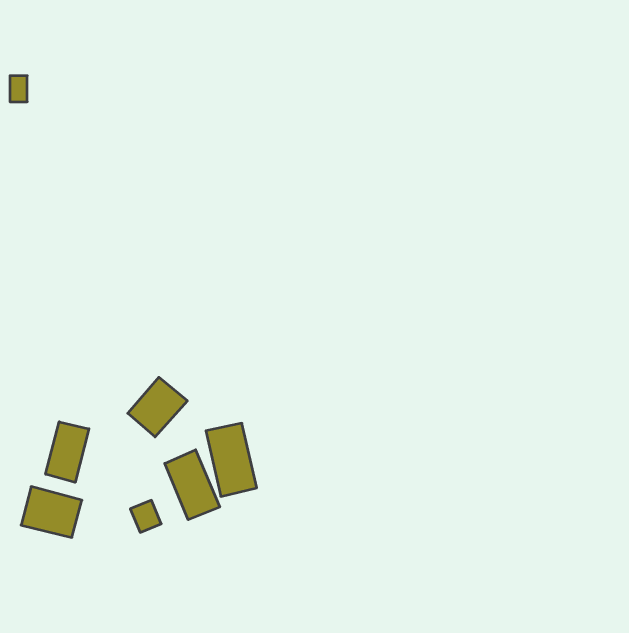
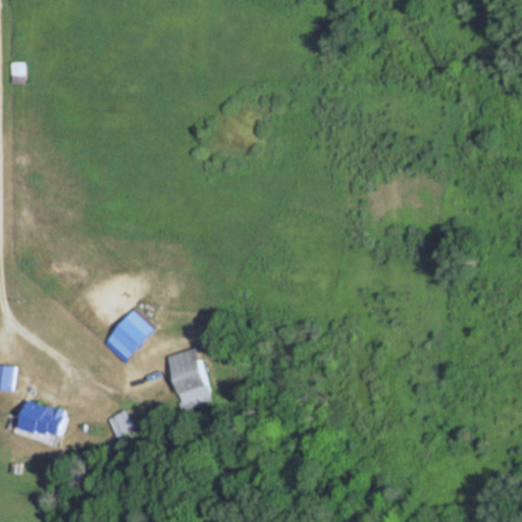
building: [46,422,89,482] -> none
building: [165,450,220,520] -> none

